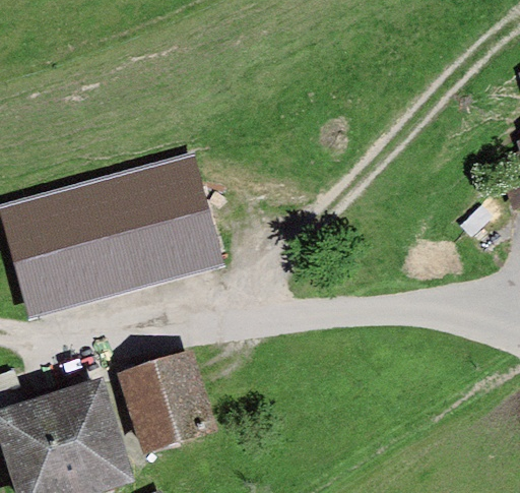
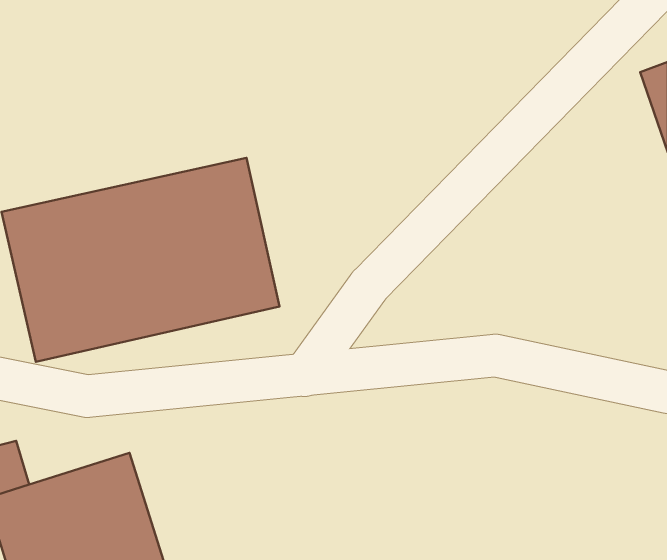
building: [116,352,216,456] -> none

